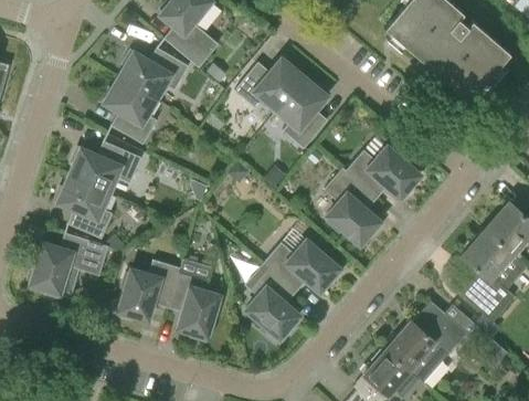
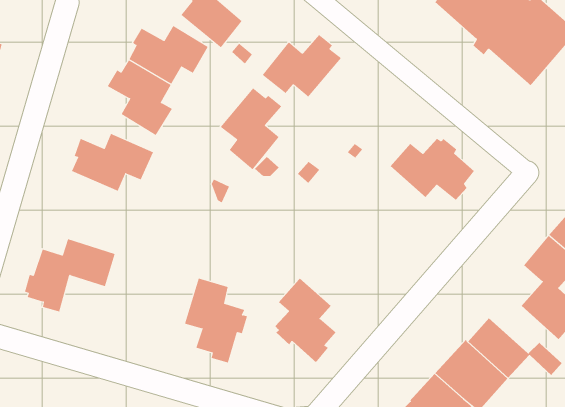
building: [275,76,329,148] -> [220,88,282,170]
building: [324,167,383,244] -> none
building: [53,175,112,239] -> none
building: [262,239,342,292] -> none
building: [117,260,179,319] -> none

